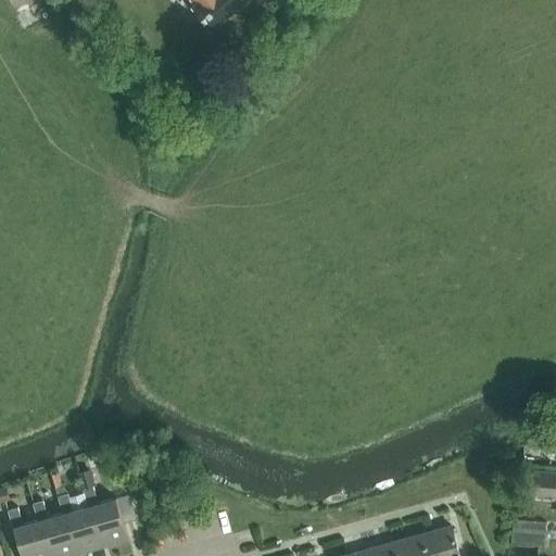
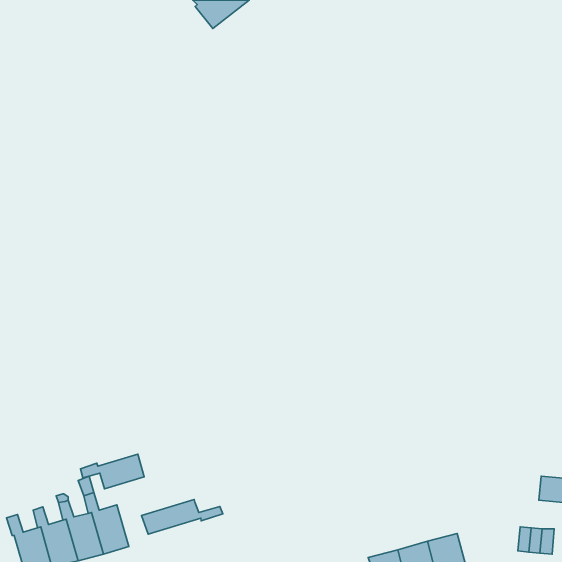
building: none -> [81,454,144,489]
building: none -> [142,500,223,534]

